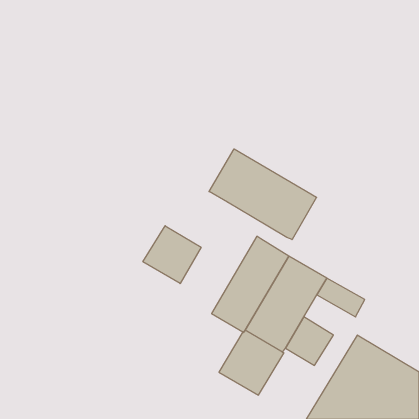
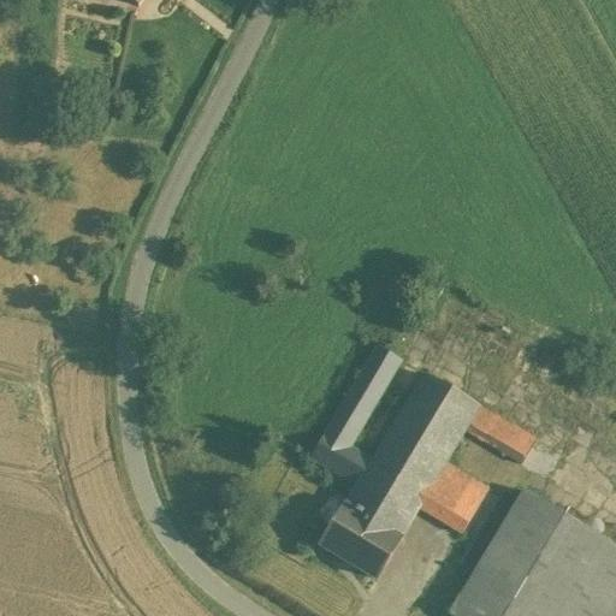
building: [209,149,317,240] -> none
building: [143,226,201,284] -> none

